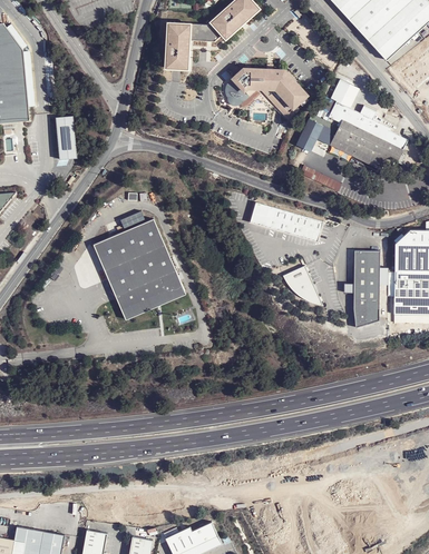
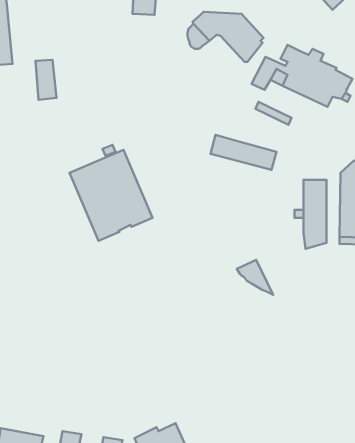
building: [331,79,360,108] -> none
building: [283,268,323,307] -> [237,260,273,295]

